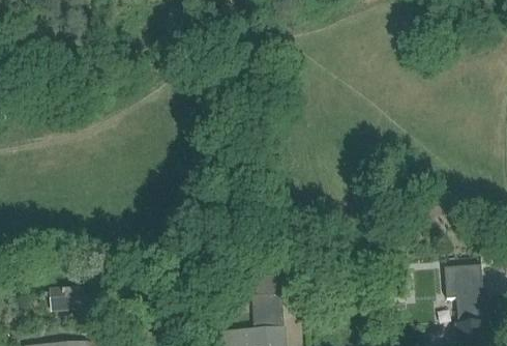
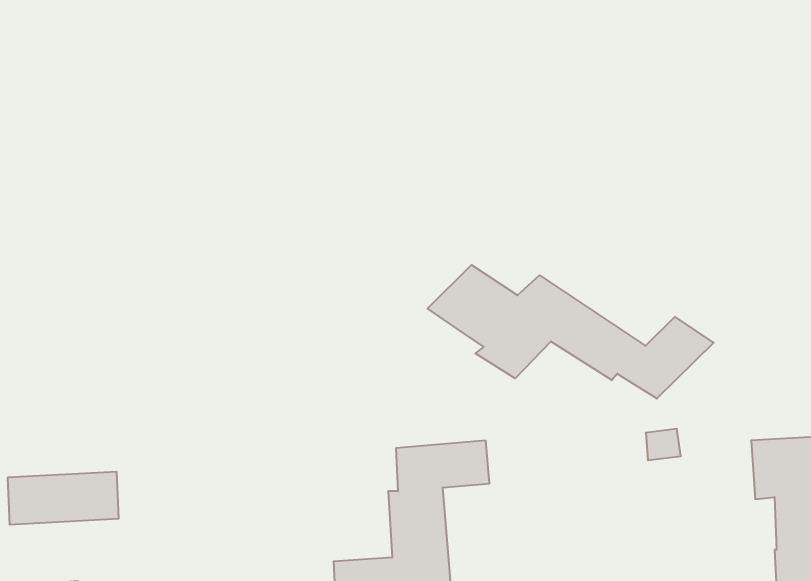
building: none -> [428,265,714,399]

